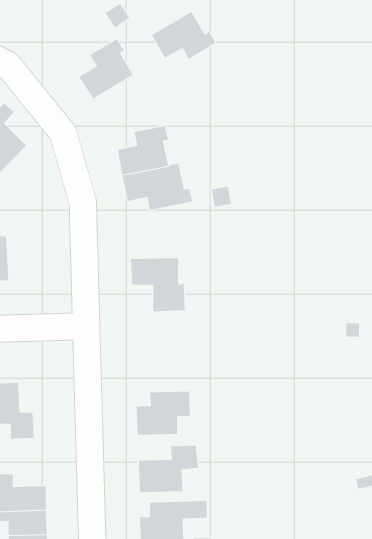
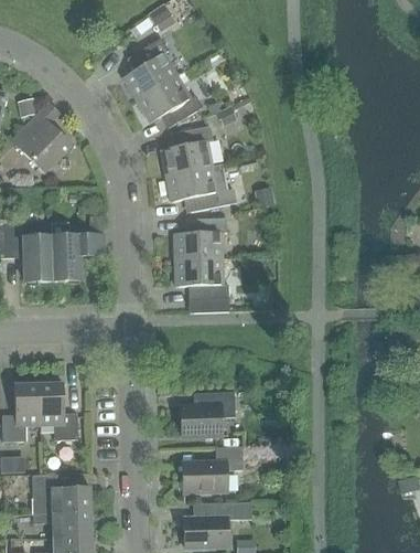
building: [151,11,216,60] -> [136,75,201,124]
building: none -> [50,216,103,281]
building: none -> [173,217,226,259]

